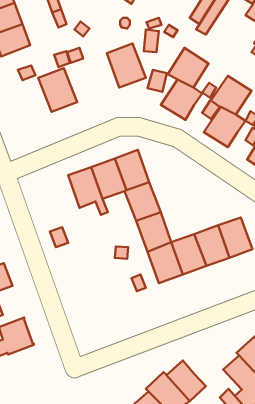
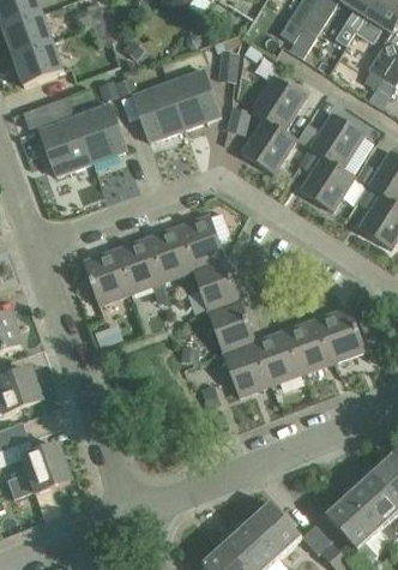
building: none -> [132,82,185,142]
building: none -> [40,115,92,175]
building: none -> [83,248,131,305]

